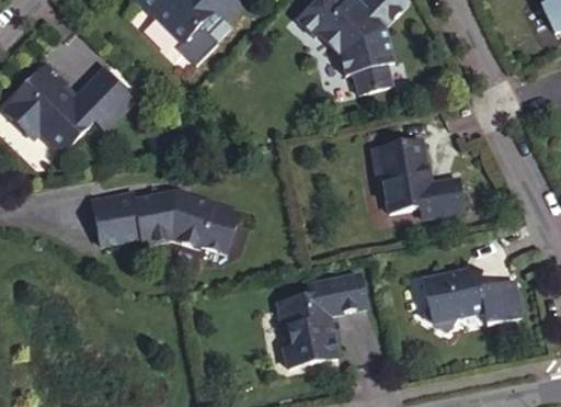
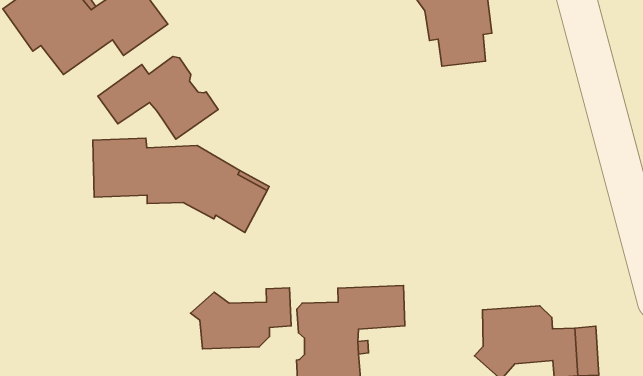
building: none -> [98,56,218,139]
building: [373,138,463,216] -> none
building: none -> [190,288,291,349]

